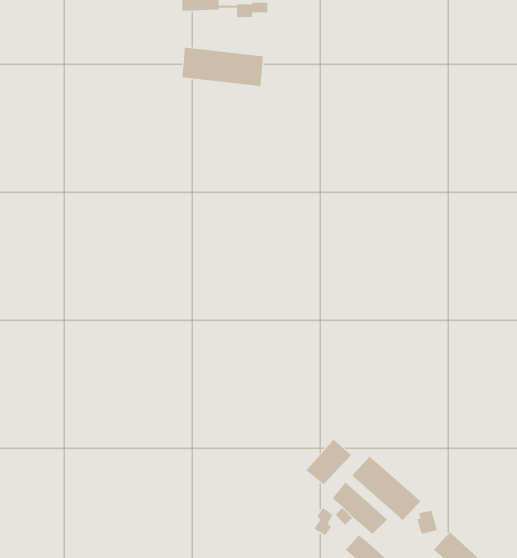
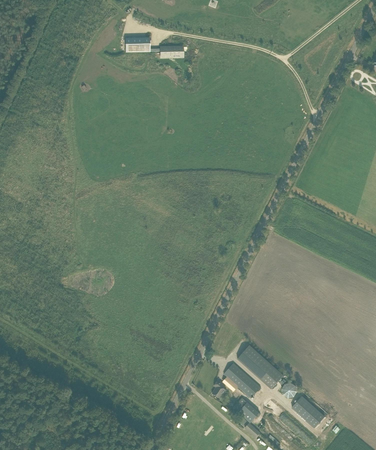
building: [182,47,264,87] -> none
building: [305,439,352,485] -> none

